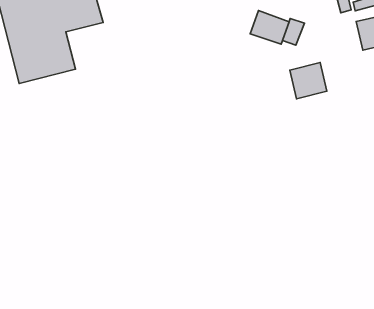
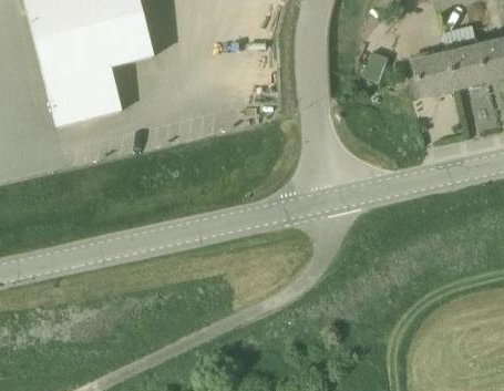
building: [250,11,289,44] -> none
building: [290,62,327,99] -> [412,53,455,95]

